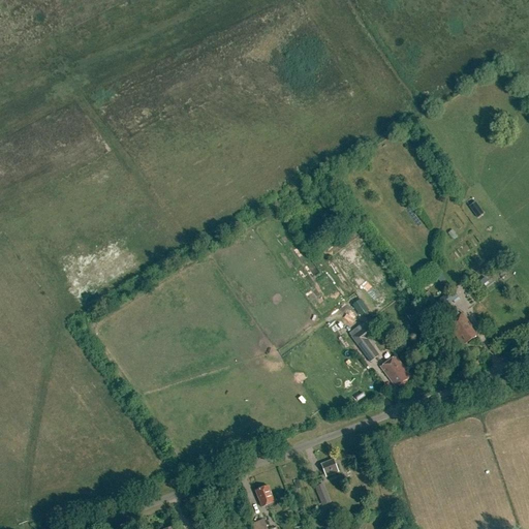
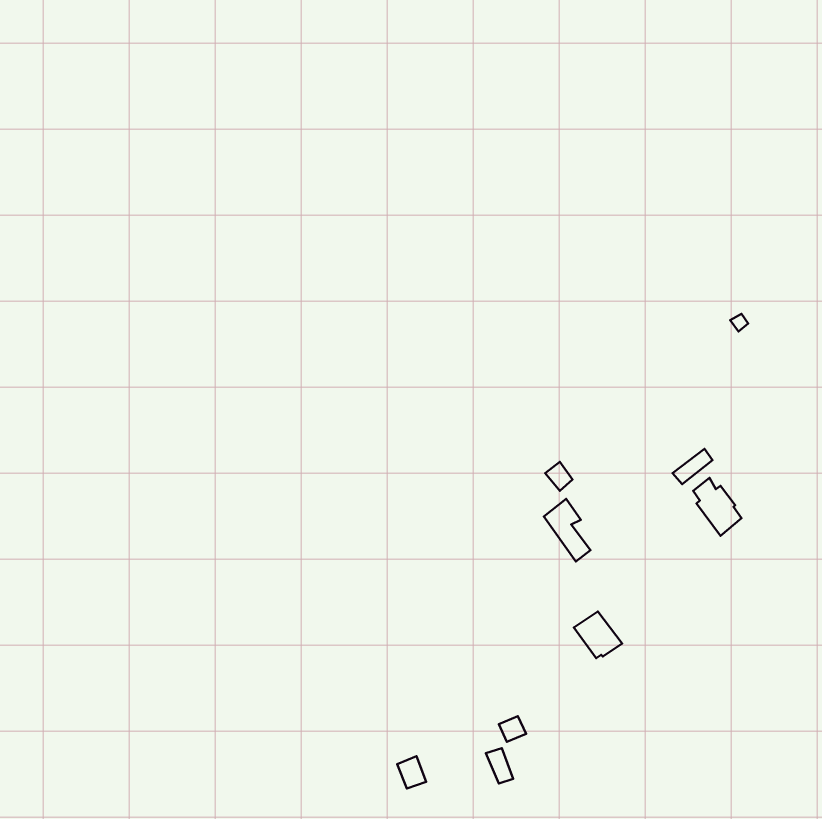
building: [380,354,411,384] -> [574,611,622,658]

